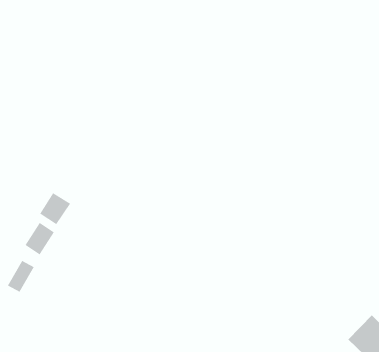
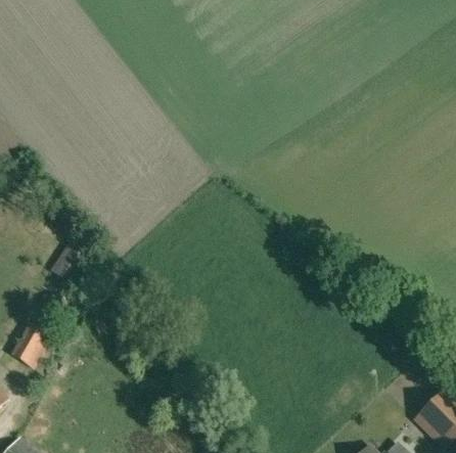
building: [25,222,55,255] -> none

